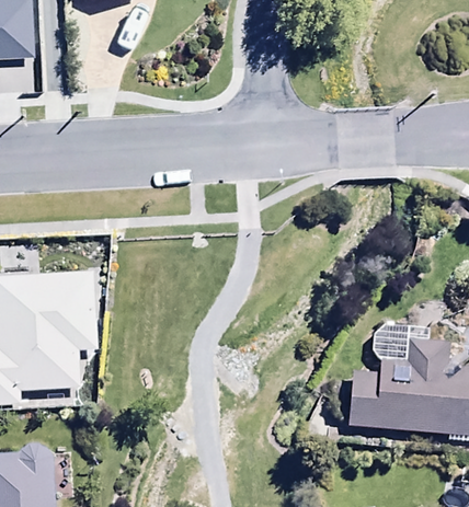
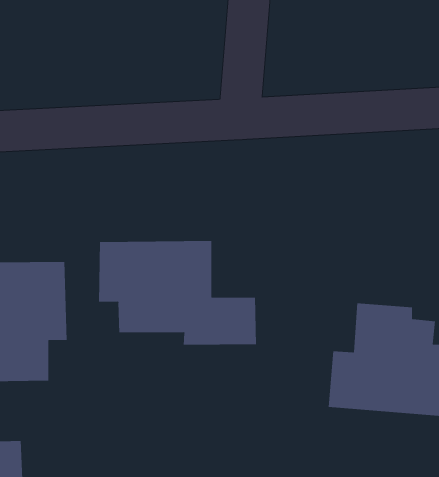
building: none -> [99,240,257,345]

